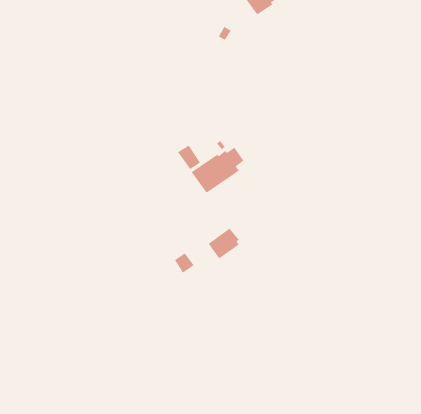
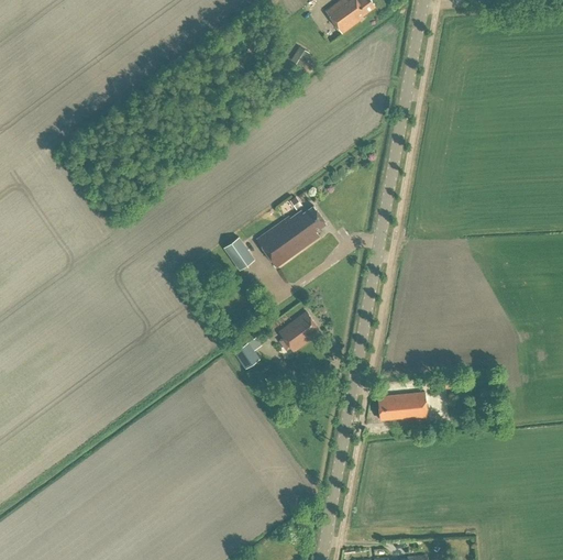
building: [177,145,201,170] -> [222,237,253,270]
building: none -> [377,393,426,420]

